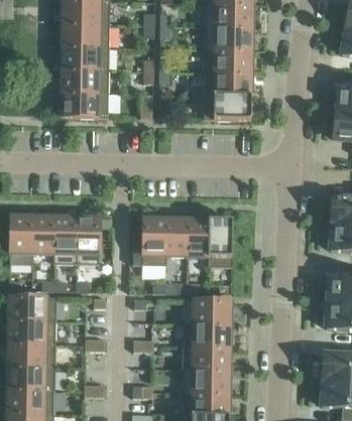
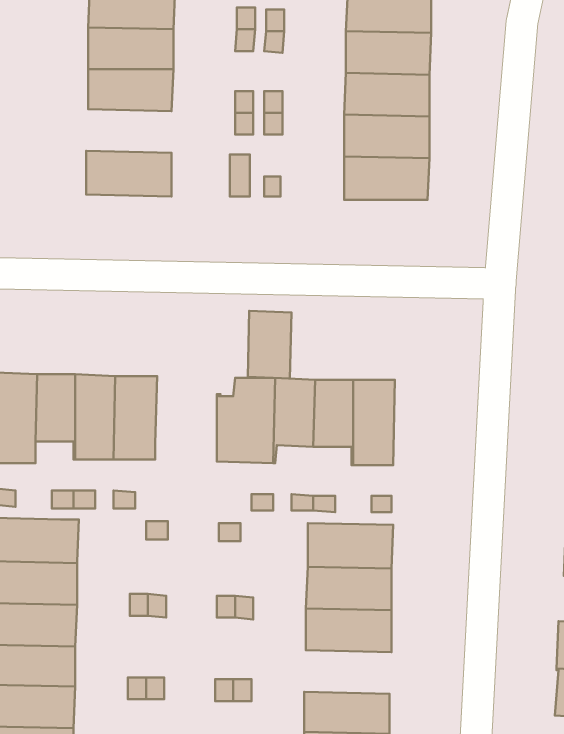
building: [61,68,108,93] -> none
building: none -> [248,311,291,378]
building: [182,369,230,393] -> none

